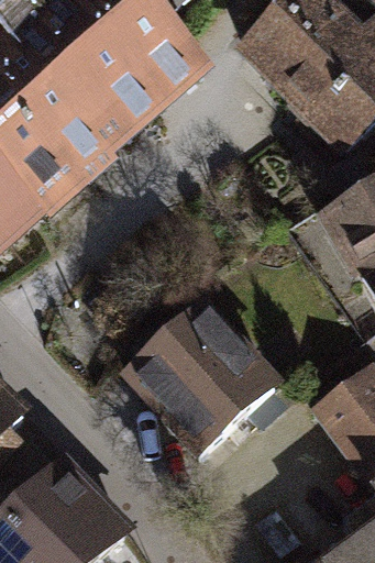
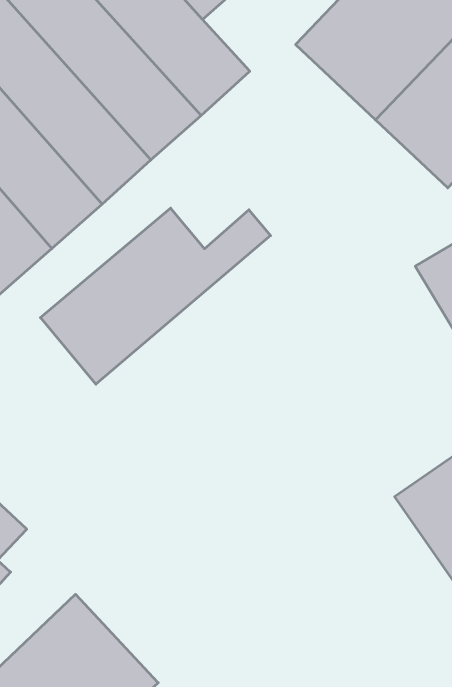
building: none -> [40,208,271,384]
building: [122,306,286,468] -> none

